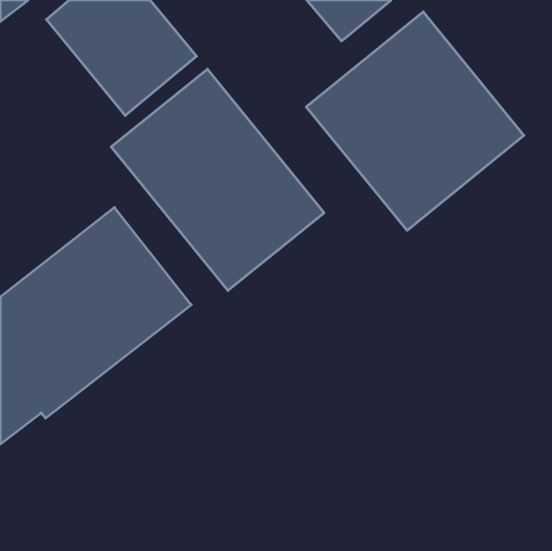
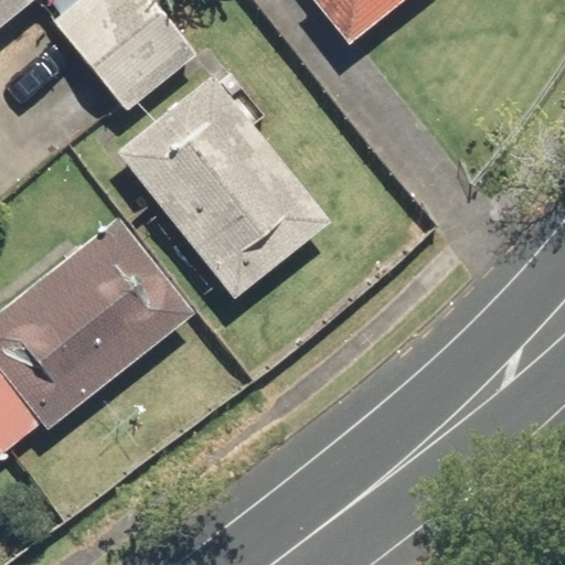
building: [306,12,524,230] -> none

